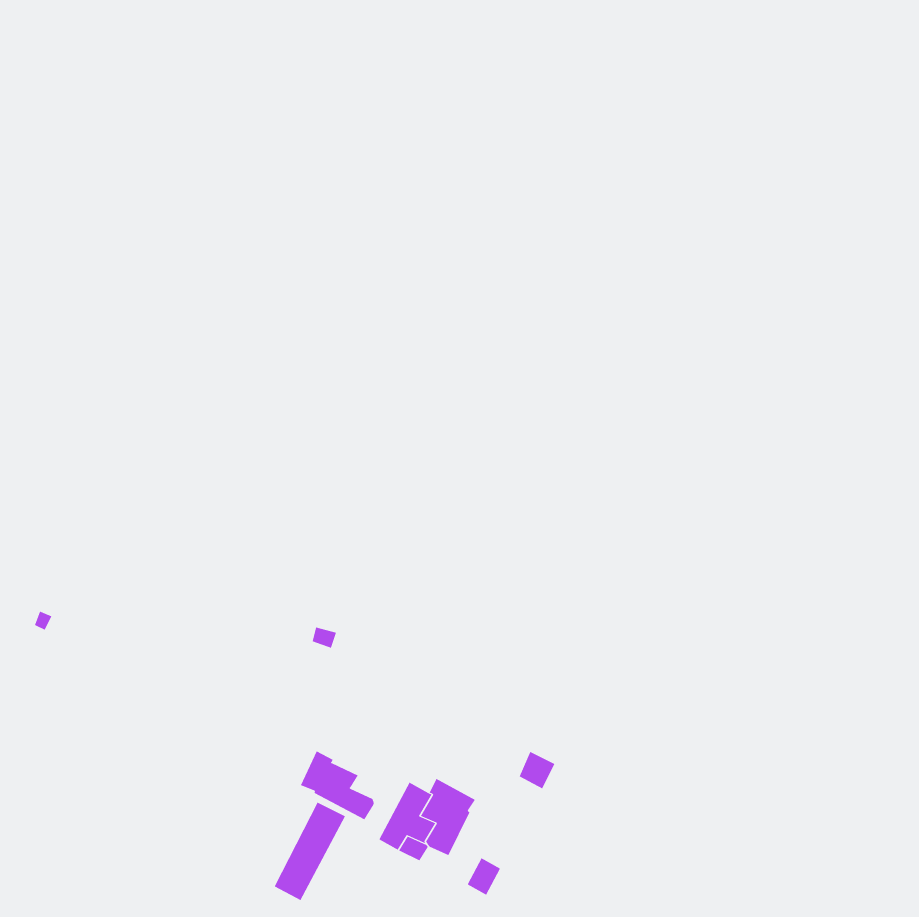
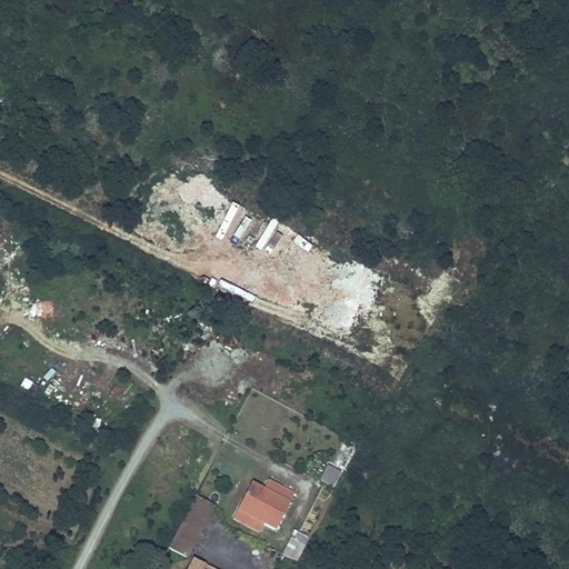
building: [300,751,374,820] -> none

